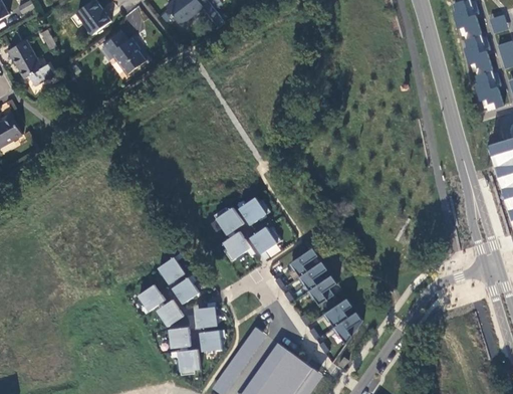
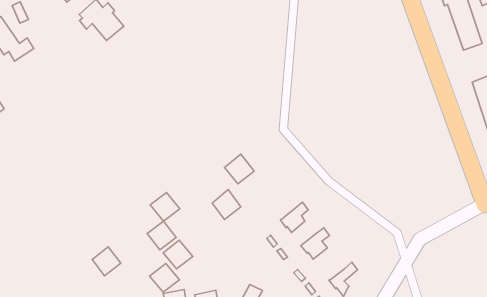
building: [214,206,243,234] -> [150,192,180,221]
building: [248,225,276,254] -> none
building: [297,261,326,290] -> none
building: [137,283,165,312] -> [92,247,121,276]
building: [322,299,351,328] -> none
building: [193,306,216,329] -> none

